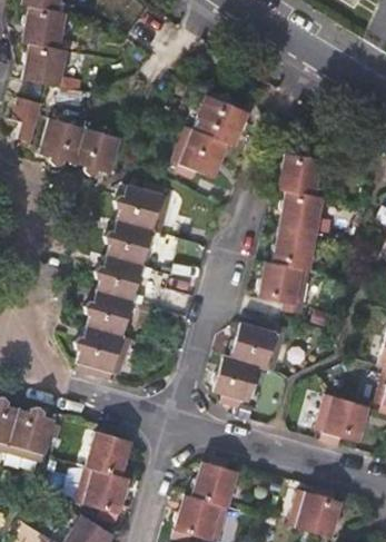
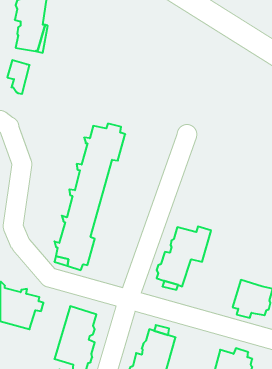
building: [171,90,250,179] -> none
building: [39,118,120,176] -> none
building: [257,145,329,314] -> none

